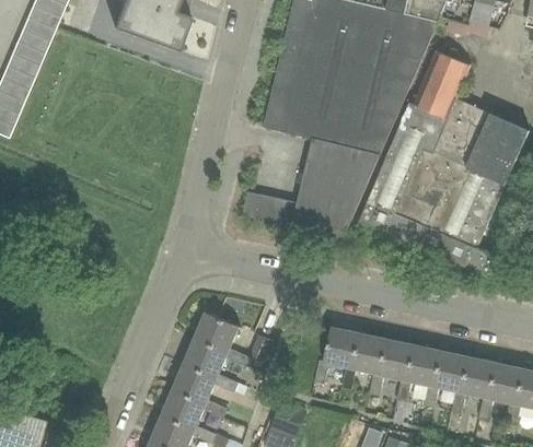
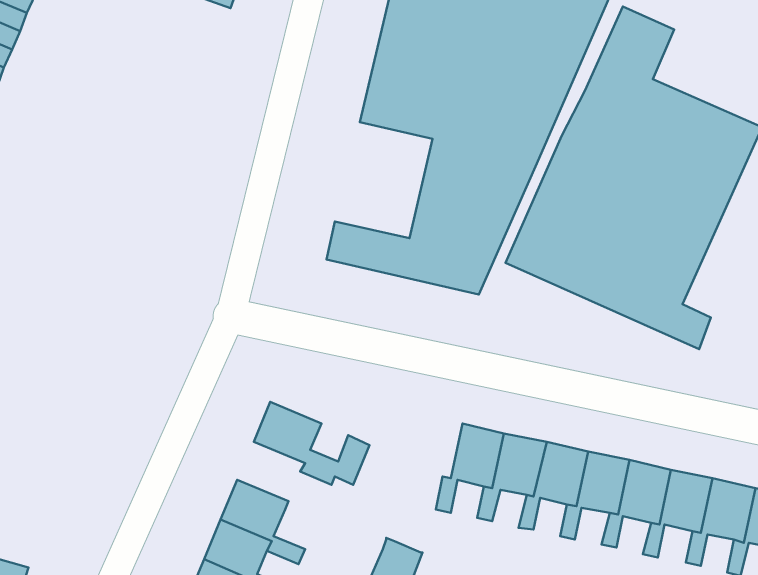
building: [183,338,239,391] -> none

